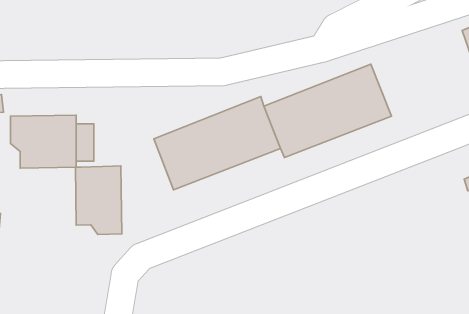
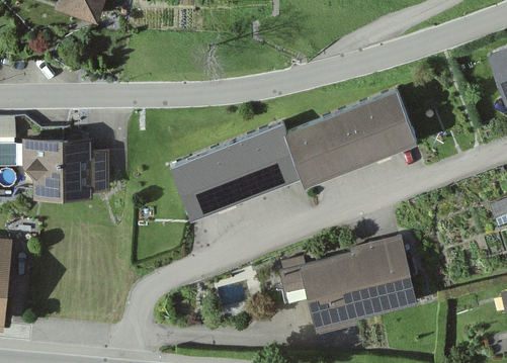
building: [76,166,122,235] -> none
building: none -> [274,237,416,332]

